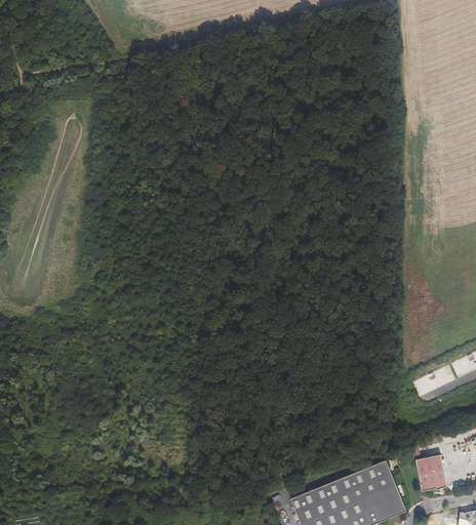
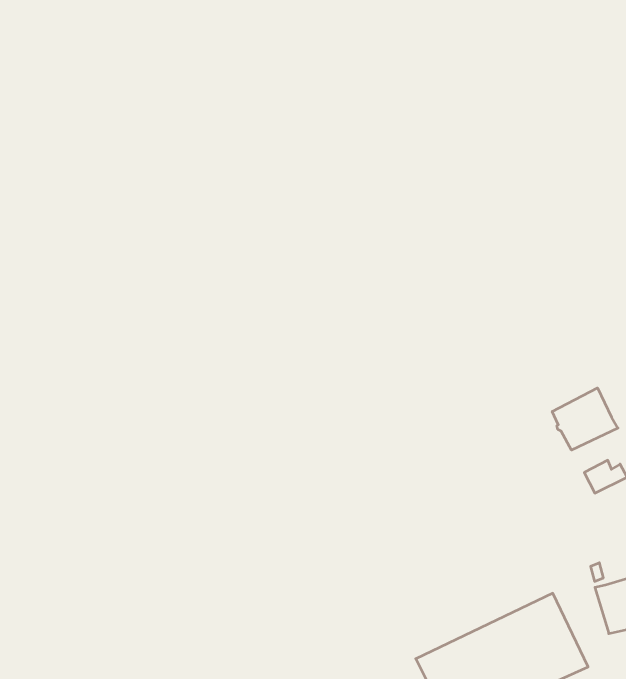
building: none -> [552,388,618,450]

